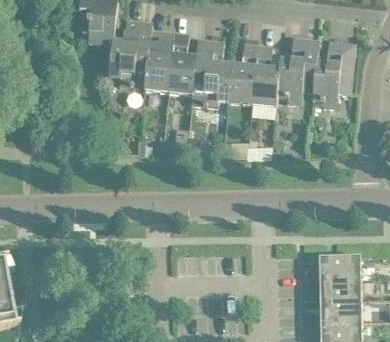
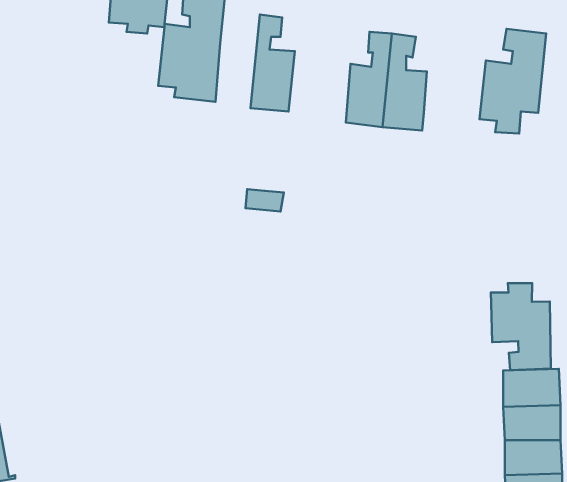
building: [144,31,172,91] -> none
building: [275,38,315,103] -> none
building: [189,39,229,106] -> none
building: none -> [491,283,551,370]

